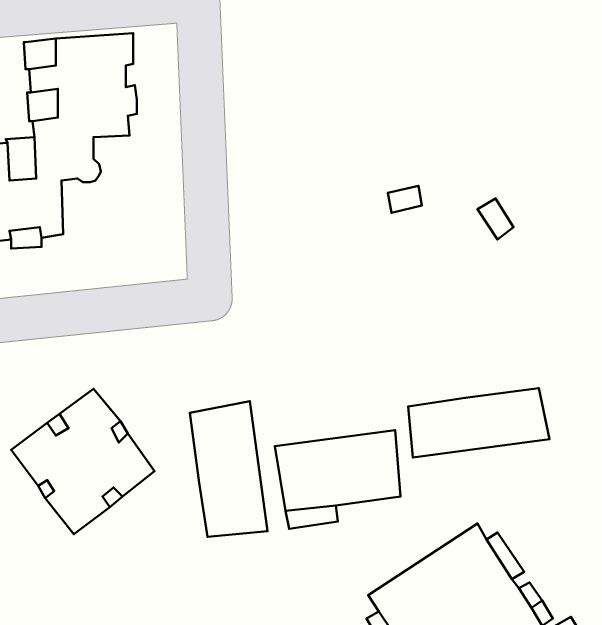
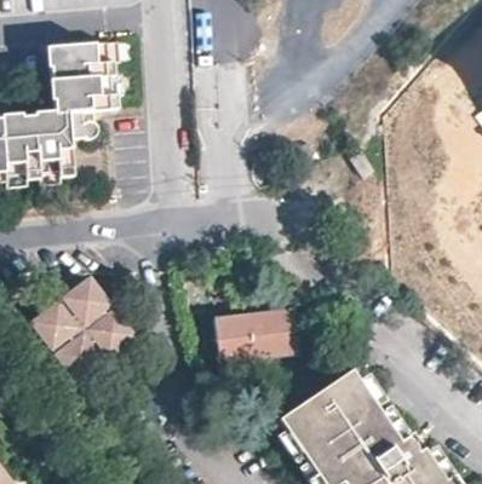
building: [408,388,550,457] -> none
building: [190,401,267,537] -> none

